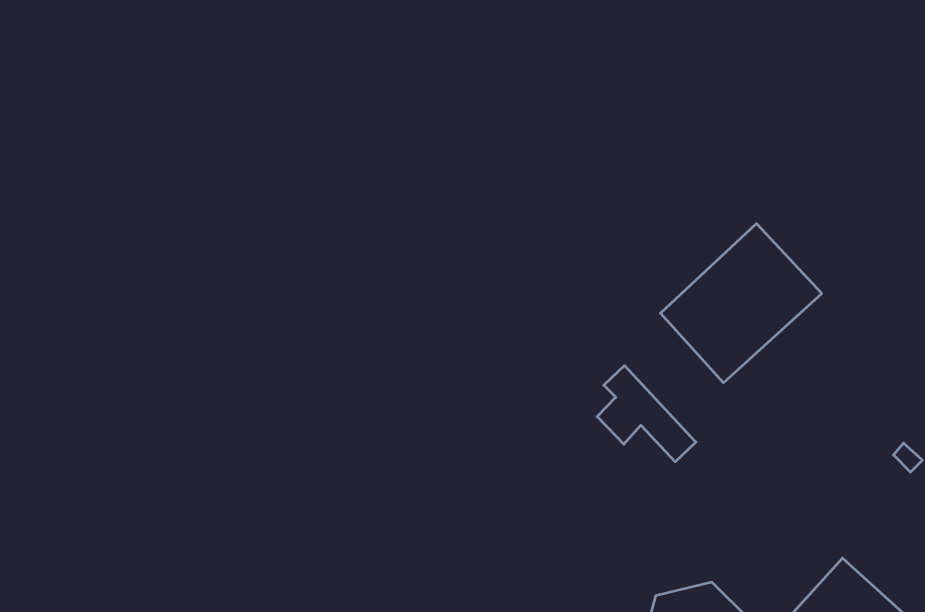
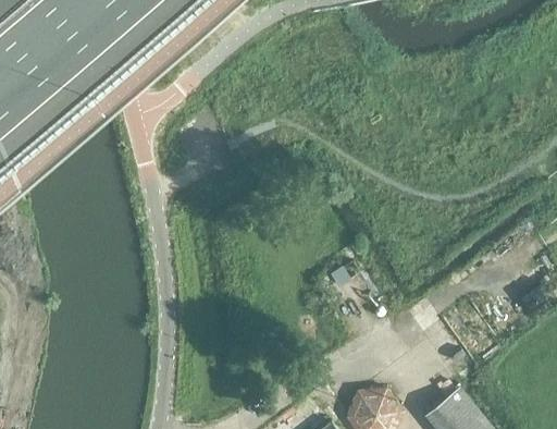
building: [660,224,822,383] -> none

